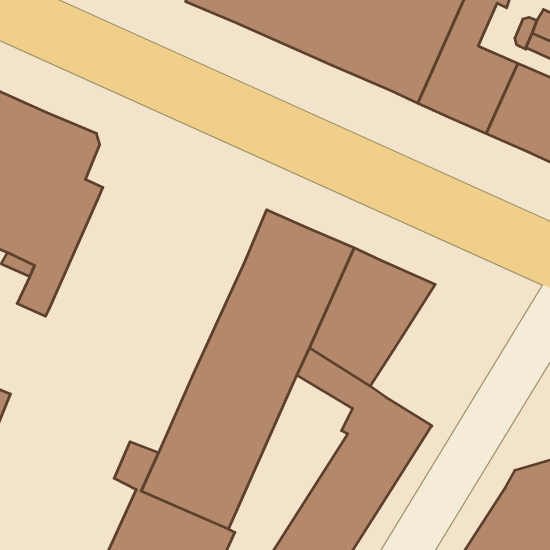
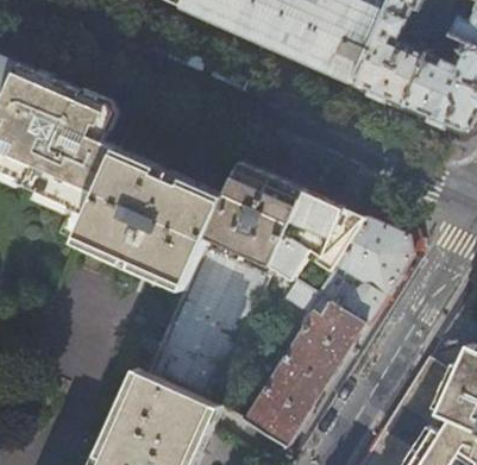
building: none -> [79,153,225,284]
building: none -> [331,218,413,325]

